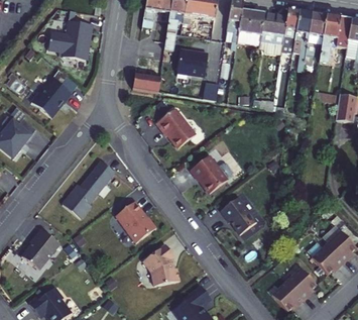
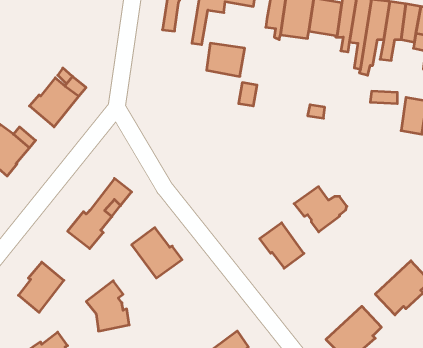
building: [46,19,90,59] -> none
building: [131,72,159,91] -> none
building: [155,107,195,147] -> none
building: [189,154,232,192] -> [294,187,347,232]
building: [142,243,177,285] -> [86,281,129,331]

